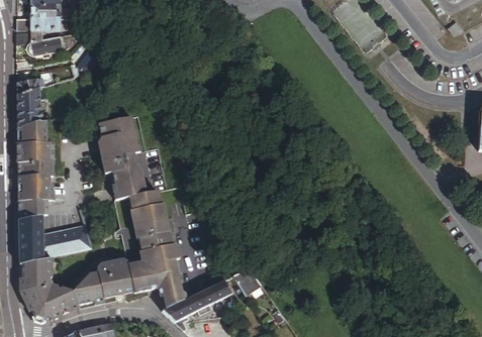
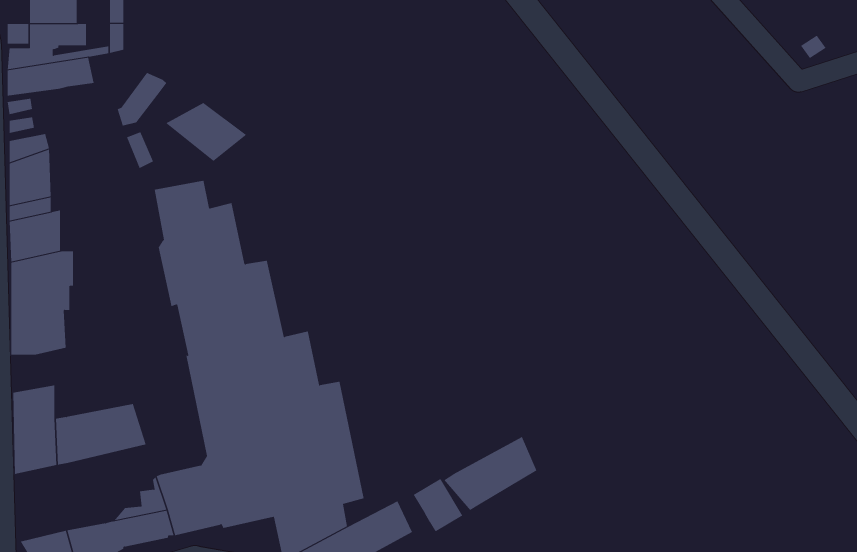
building: none -> [165,102,247,162]
building: [17,196,47,220] -> none
building: none -> [444,436,537,511]
building: [19,258,69,301] -> none

